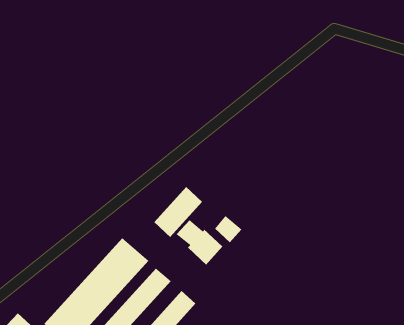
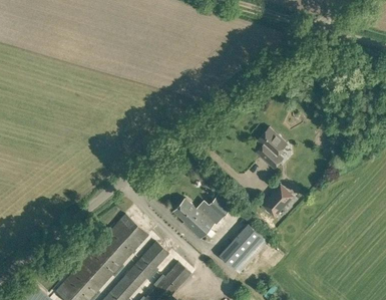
building: none -> [258,128,287,169]
building: [153,186,203,238] -> [220,224,264,270]
building: none -> [261,184,295,219]

